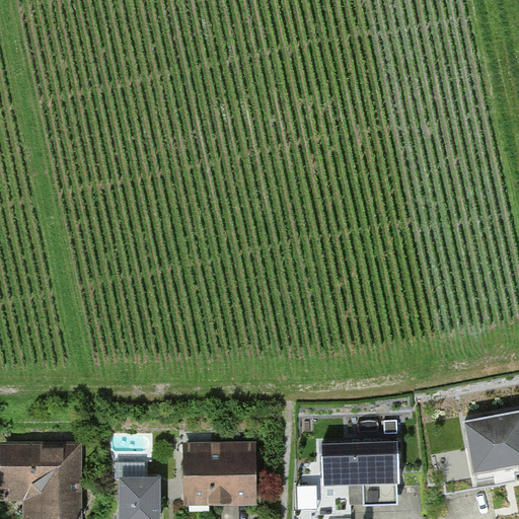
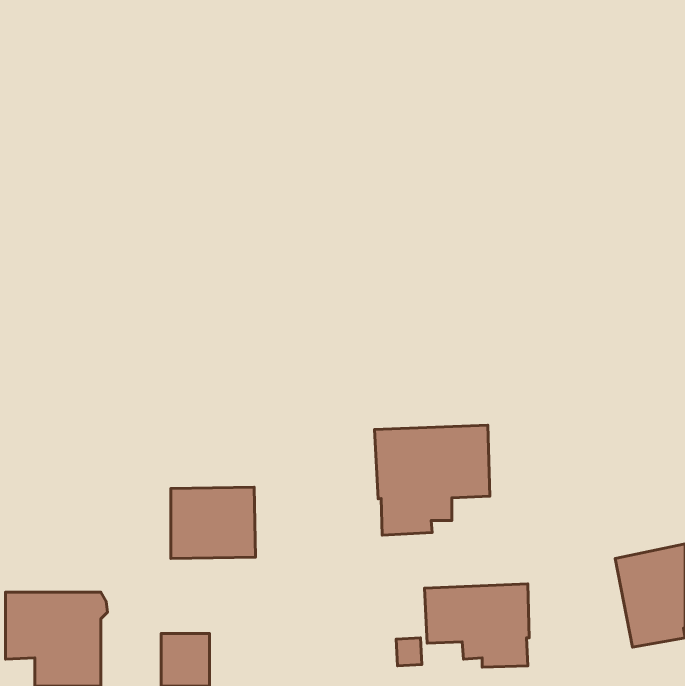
building: none -> [375,425,490,535]
building: [189,447,252,501] -> [171,487,255,558]

